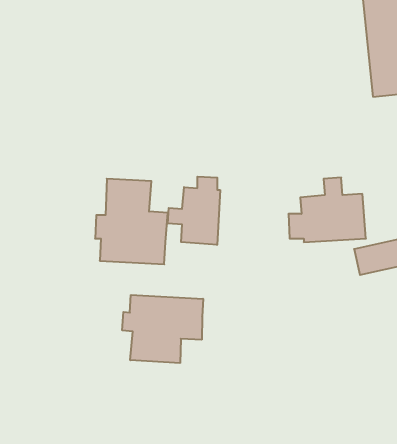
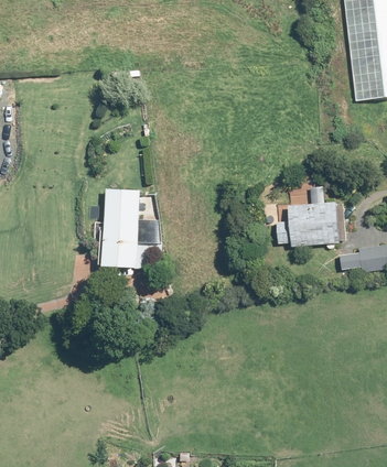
building: [168,177,220,245] -> none
building: [122,295,203,363] -> none

